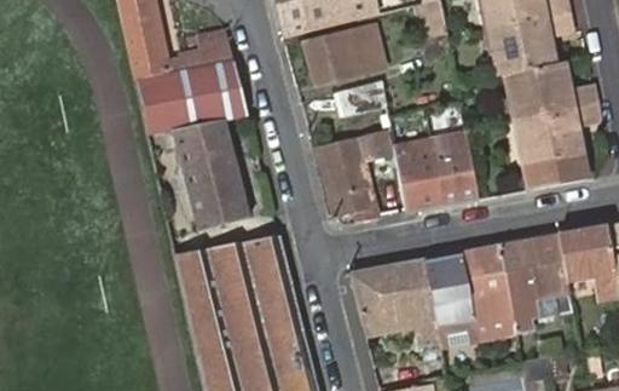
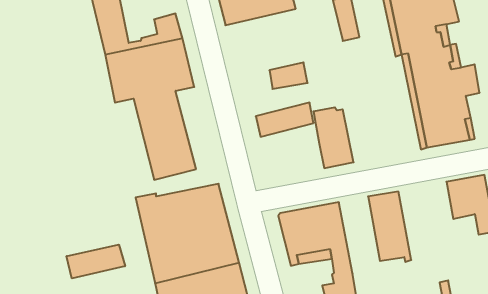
building: [308,28,383,84] -> none
building: [430,136,481,207] -> none
building: [329,159,401,223] -> none
building: [499,231,572,328] -> none
building: [426,249,478,345] -> none
building: none -> [67,245,125,278]

